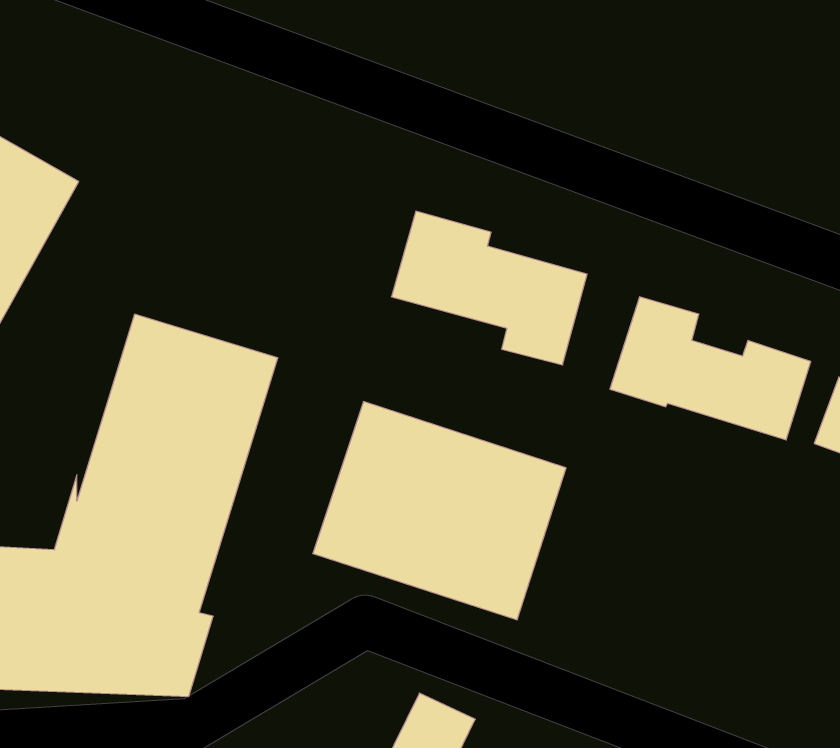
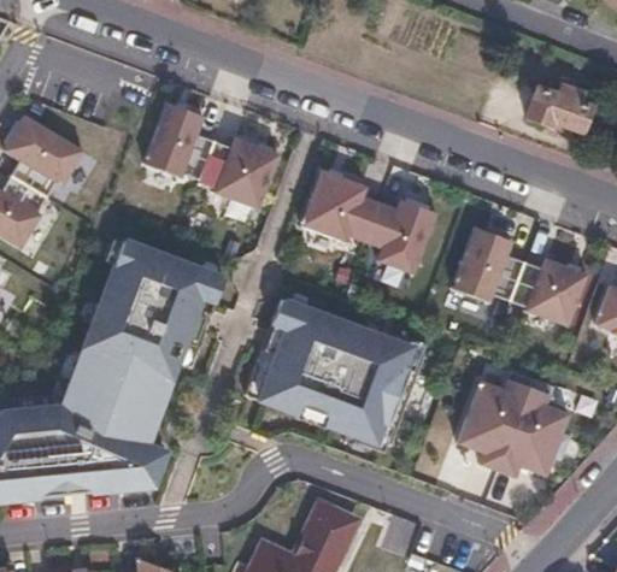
building: none -> [525,82,592,130]
building: none -> [140,101,276,205]
building: none -> [453,378,571,483]

